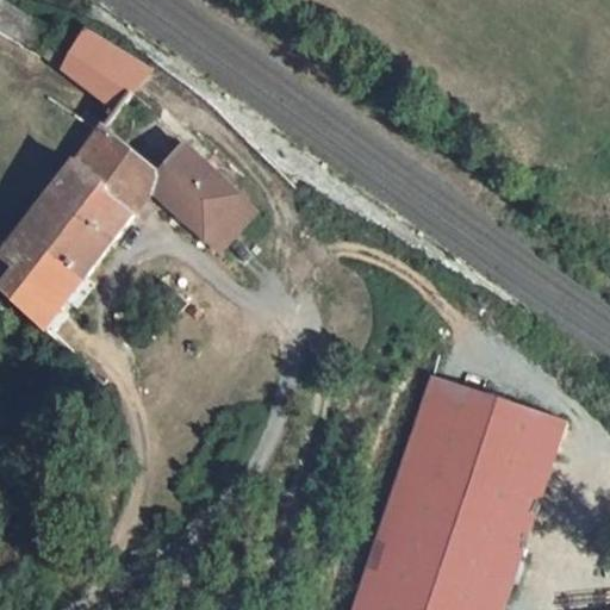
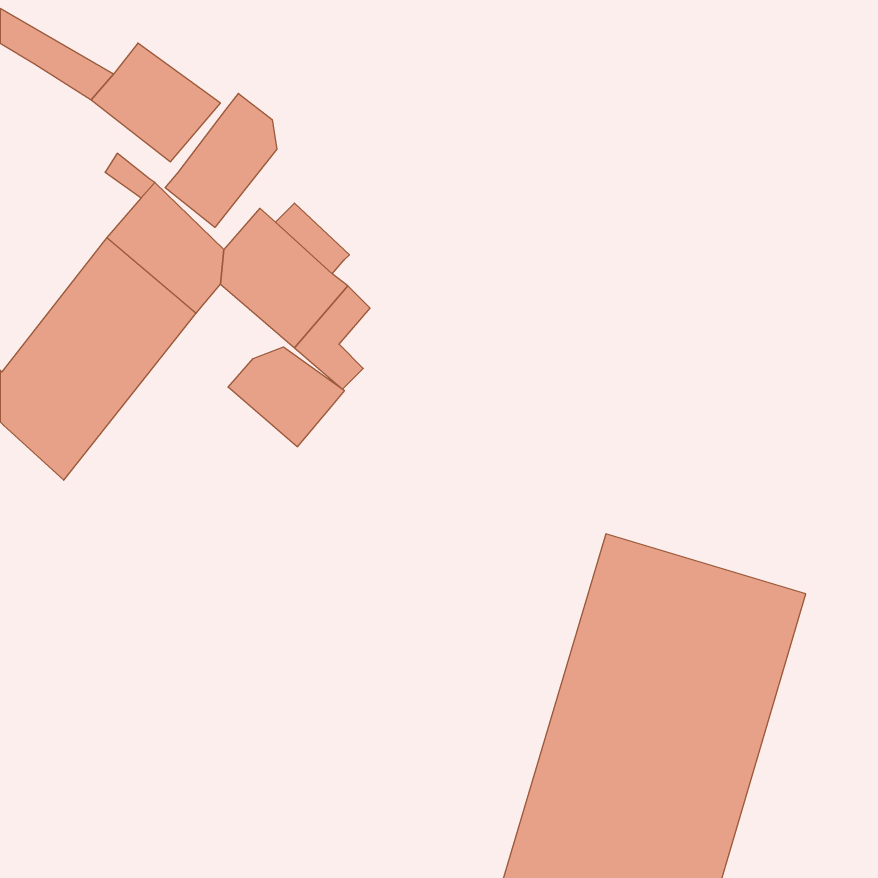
building: none -> [165,93,277,227]
building: none -> [228,347,344,447]

